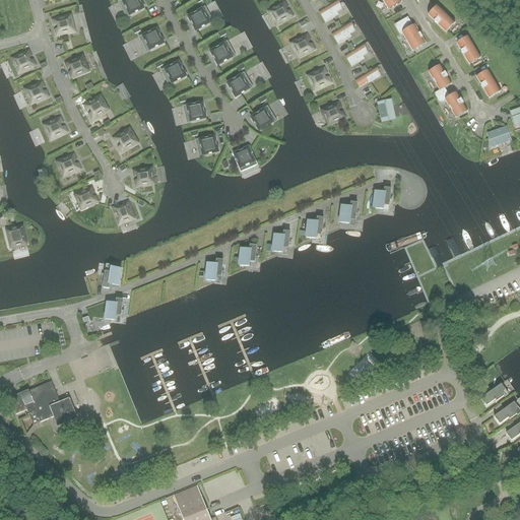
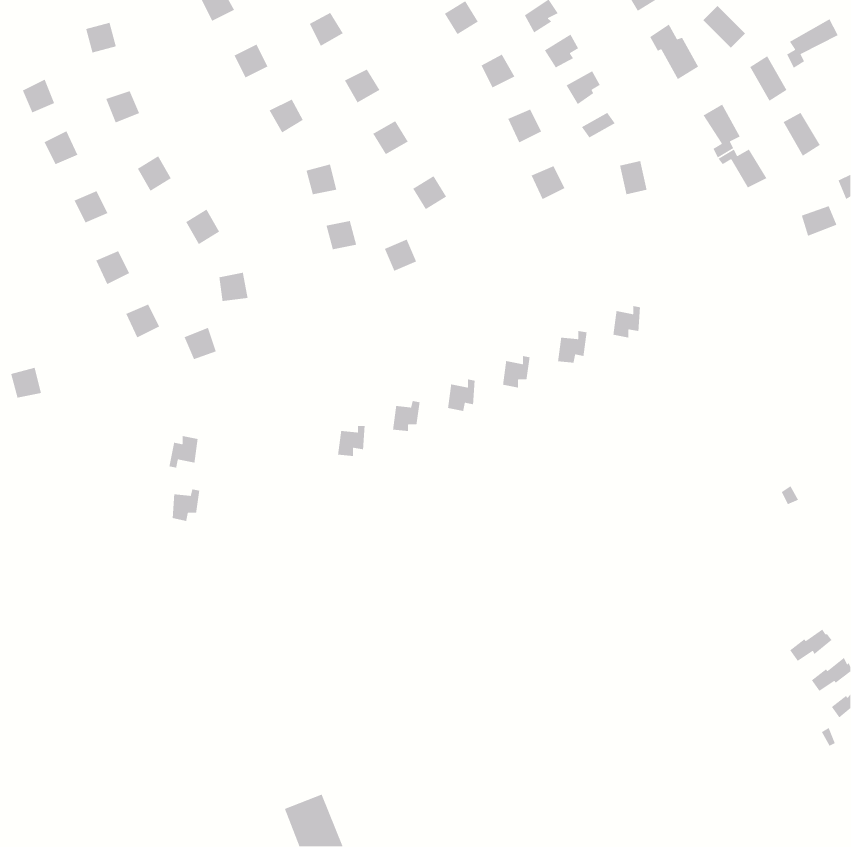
building: none -> [786,18,839,69]
building: [9,379,74,422] -> none

